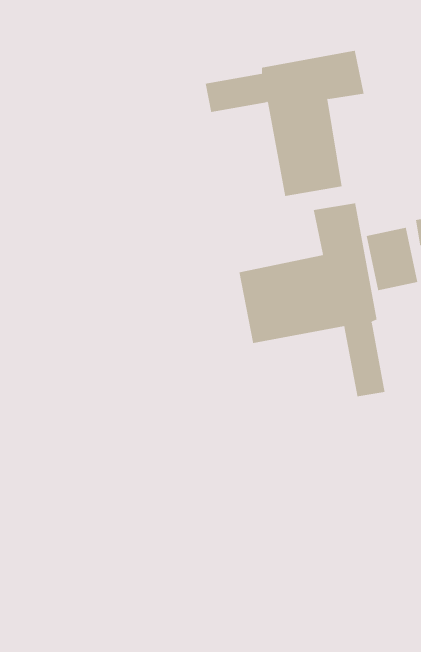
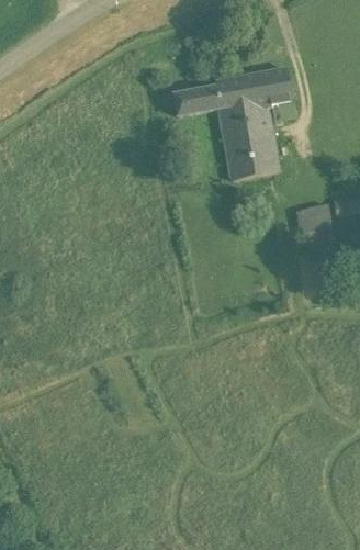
building: [239,203,385,397] -> none

